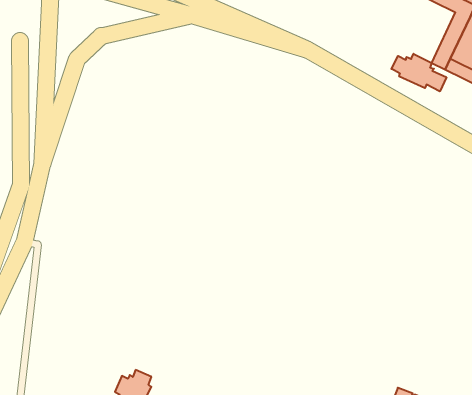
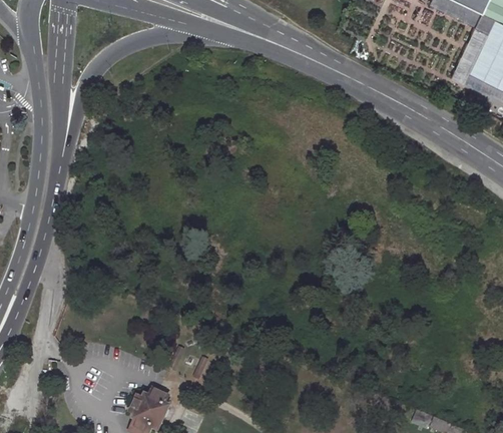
building: [391,54,446,91] -> none

